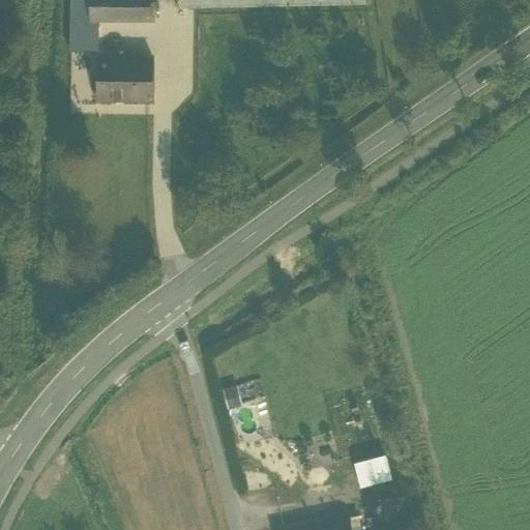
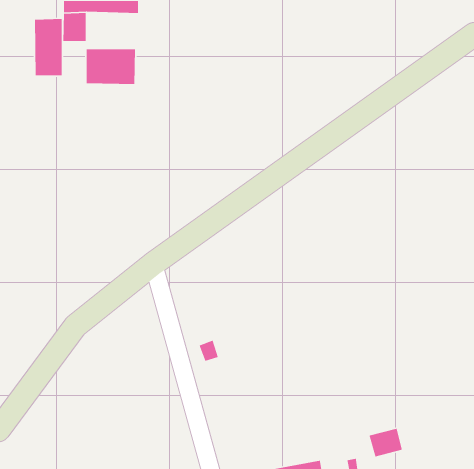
building: none -> [34,18,62,76]
building: [355,455,393,489] -> [368,428,403,458]

